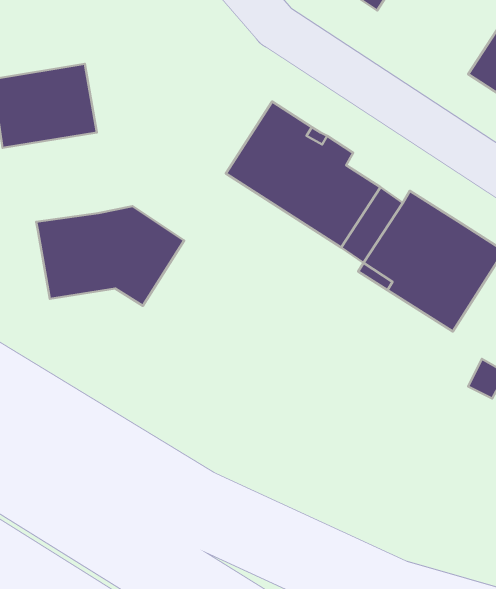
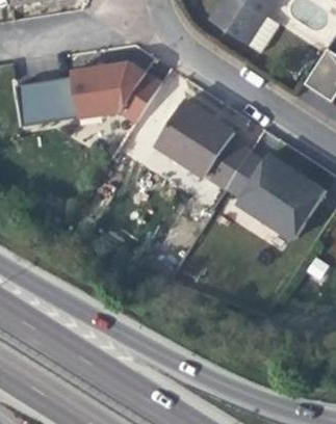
building: [36,206,184,306] -> [71,62,160,123]

